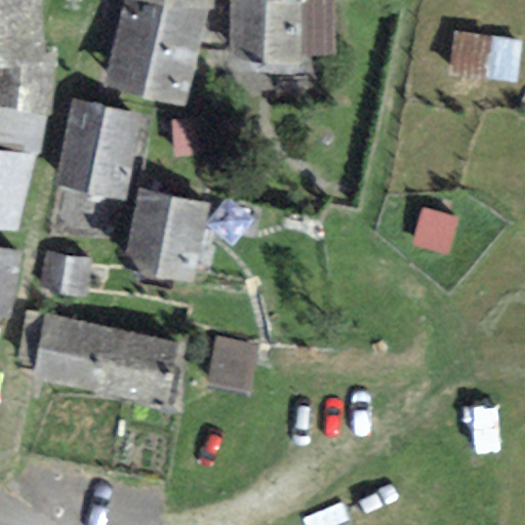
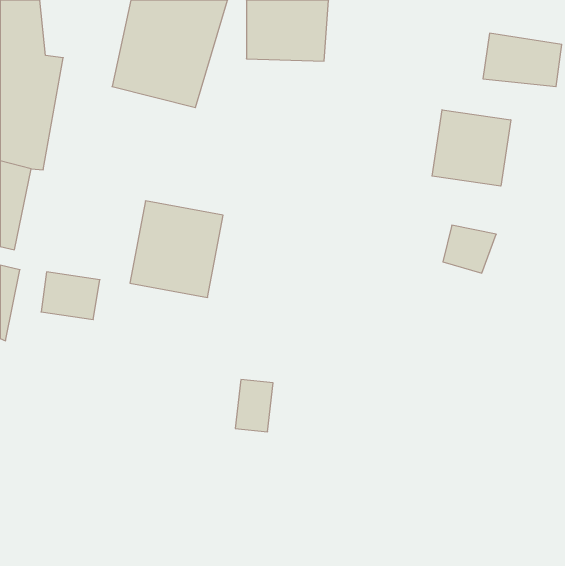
building: [55,99,140,196] -> none
building: none -> [432,110,511,186]
building: [35,315,181,402] -> none

